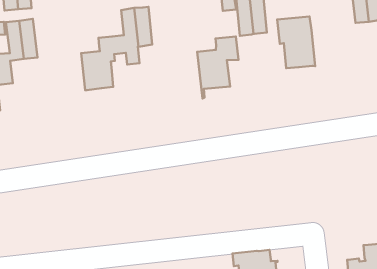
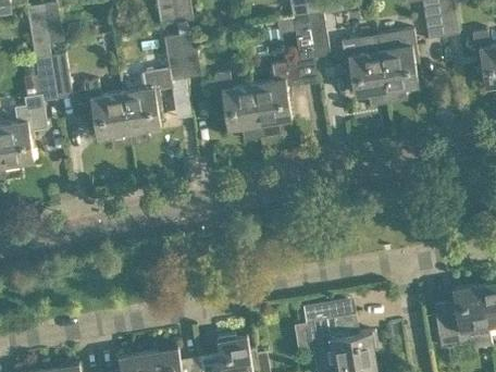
building: none -> [376,28,418,90]
building: none -> [214,72,261,134]
building: none -> [83,79,129,141]

